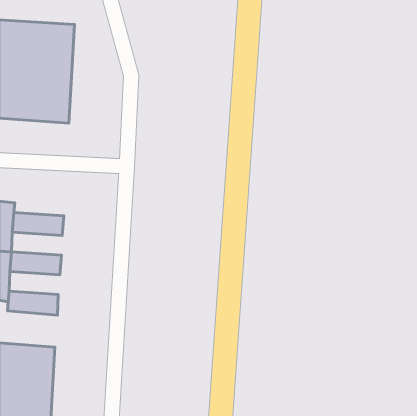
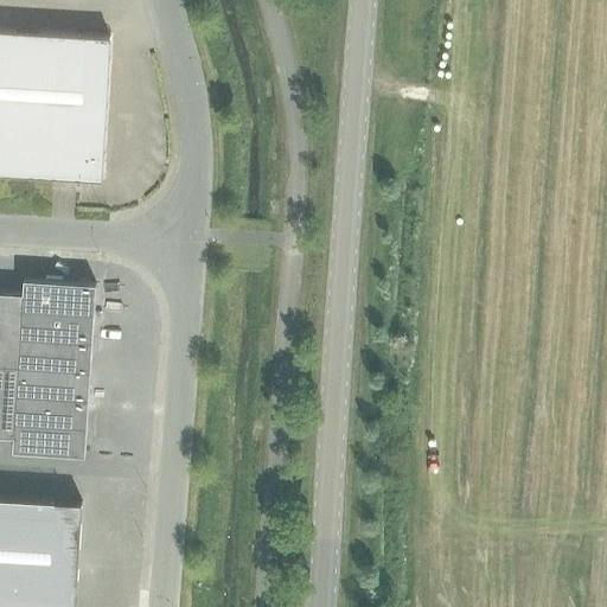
building: none -> [20,283,94,317]
building: none -> [17,340,90,373]
building: none -> [13,397,87,430]

